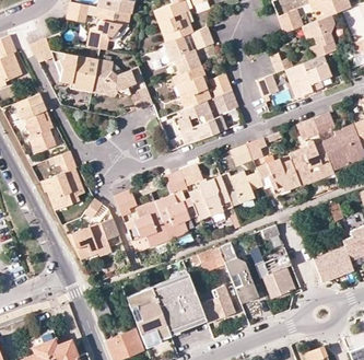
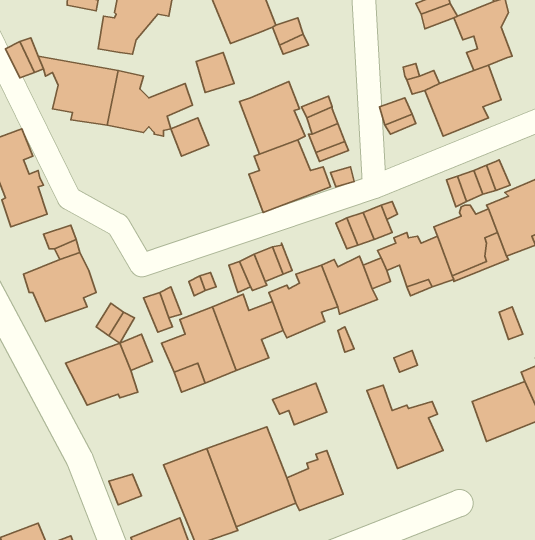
building: [164,35,202,74] -> none
building: [219,241,258,303] -> none

